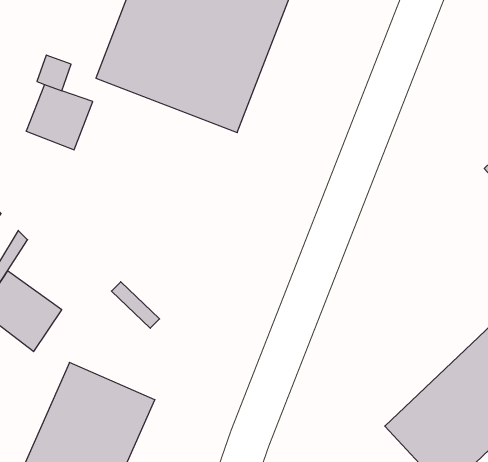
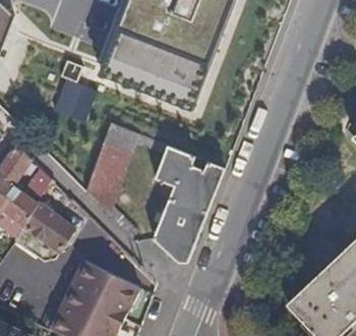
building: none -> [85,122,225,262]

